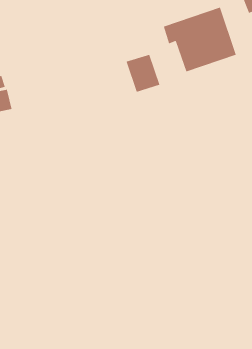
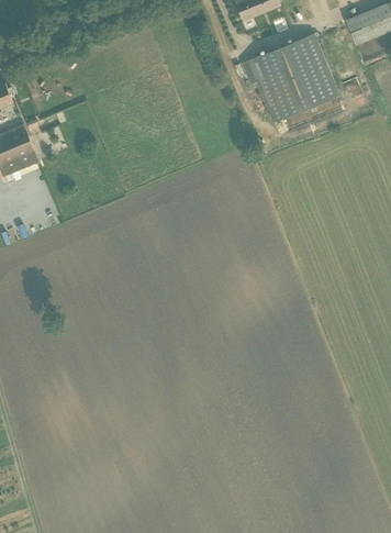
building: [125,54,161,93] -> none

